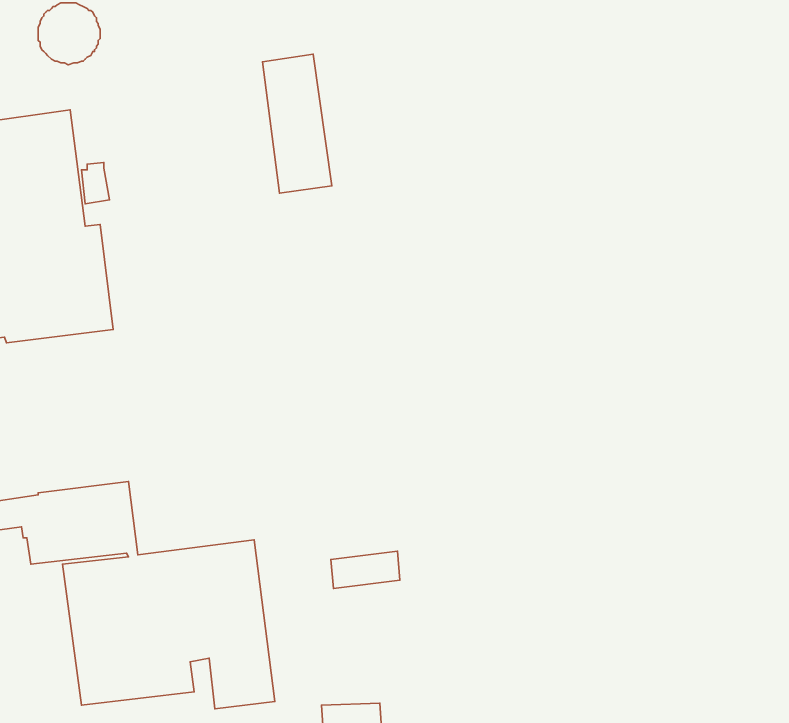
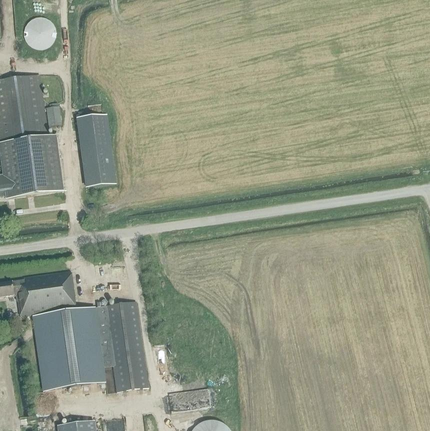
building: [262,54,332,193] -> [77,113,114,187]
building: [331,551,400,589] -> none

